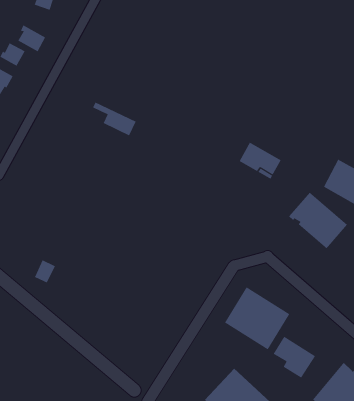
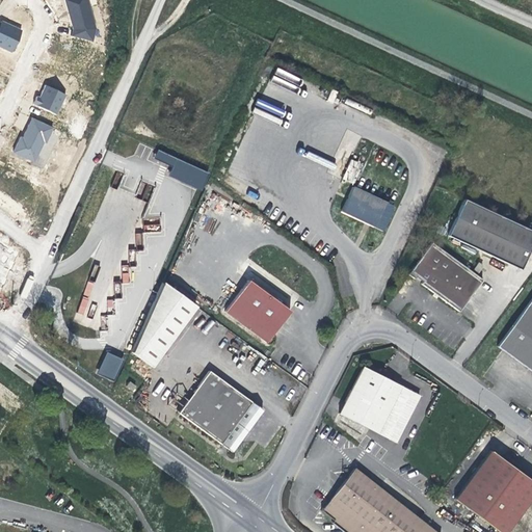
building: [18,25,46,52] -> none
building: none -> [132,282,197,367]
building: none -> [225,280,292,343]
building: none -> [180,370,264,452]
building: [273,336,316,378] -> none

